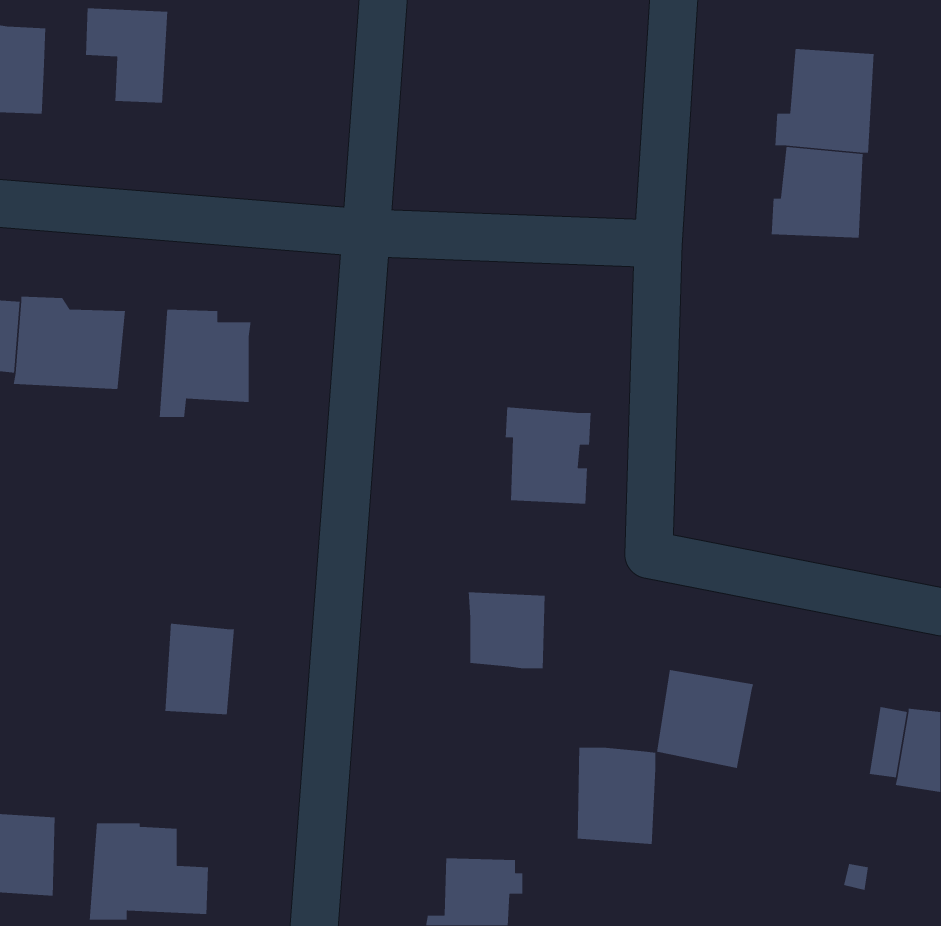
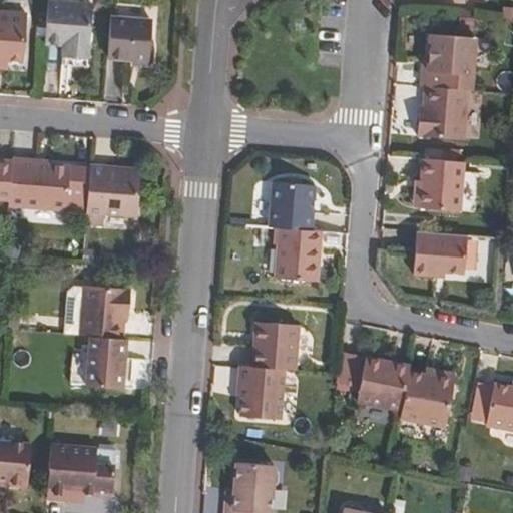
building: none -> [109,20,150,60]
building: none -> [419,152,461,203]
building: none -> [271,176,315,223]
building: none -> [413,226,466,271]
building: none -> [81,287,131,341]
building: none -> [399,374,452,428]
building: [577,747,656,845] -> [240,360,284,413]

